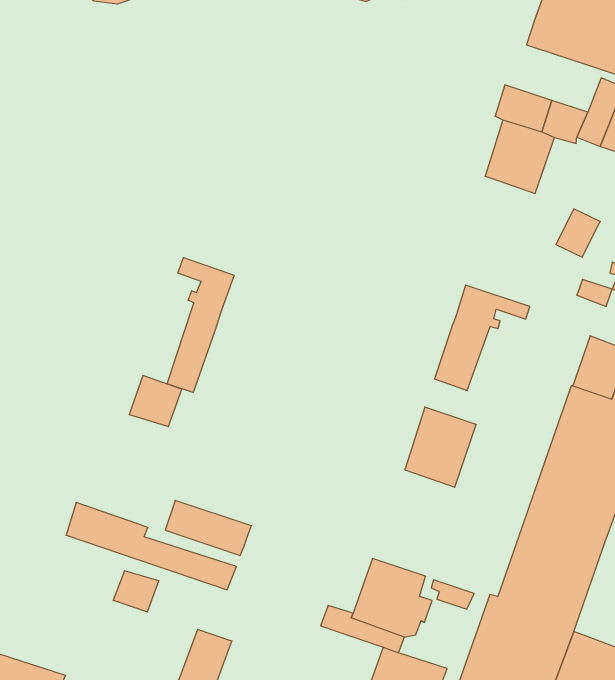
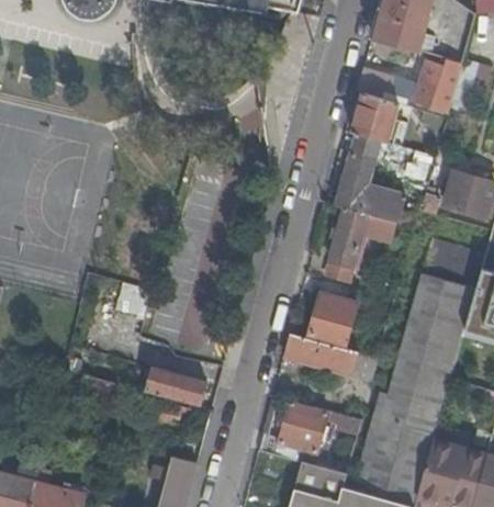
building: none -> [335,133,403,222]
building: [167,258,234,392] -> none
building: none -> [284,333,378,381]

